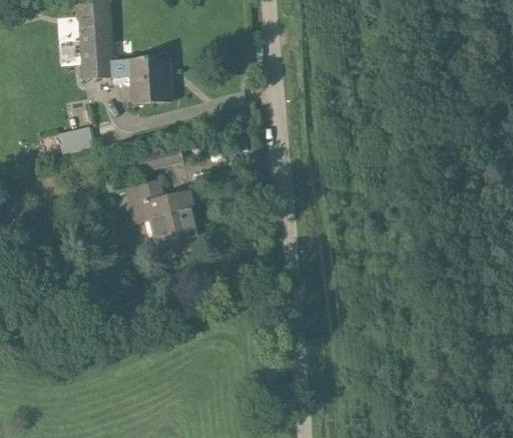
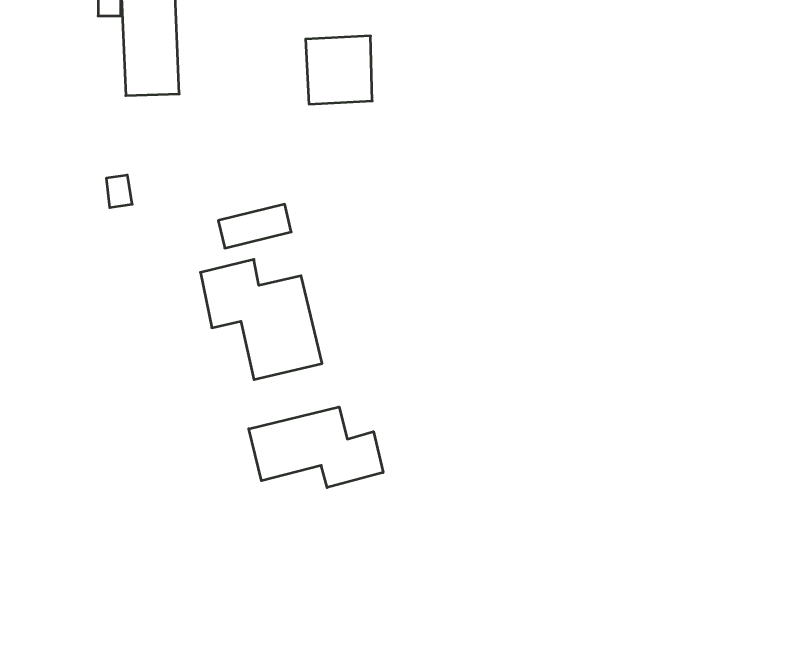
building: [129,58,170,100] -> [306,36,372,104]
building: none -> [249,407,383,488]

